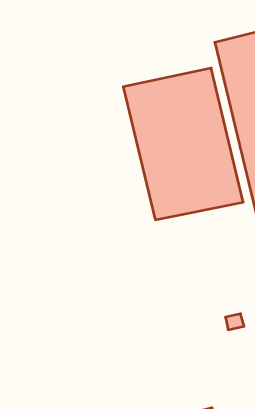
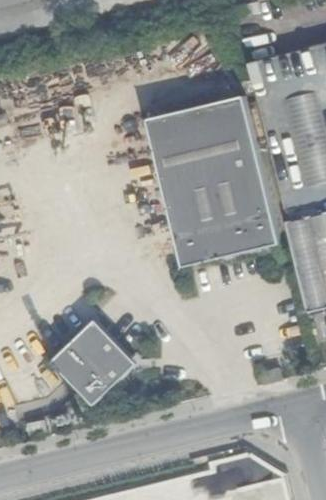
building: none -> [50,317,139,404]

